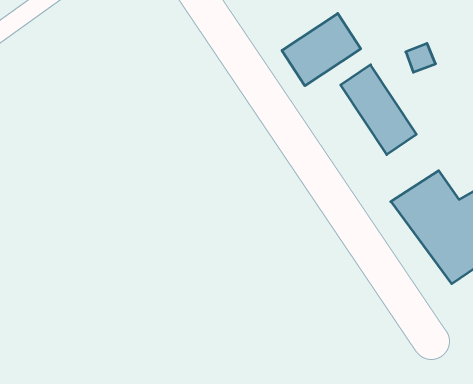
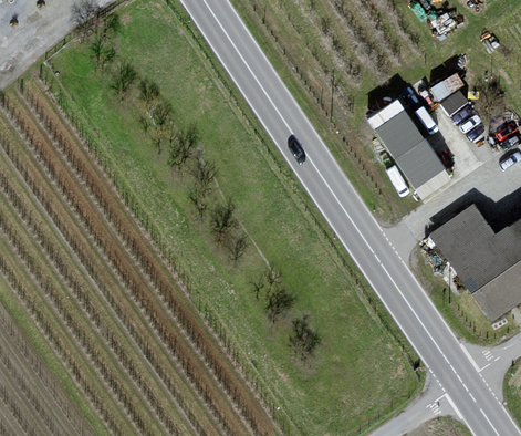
building: [282,13,361,86] -> none

